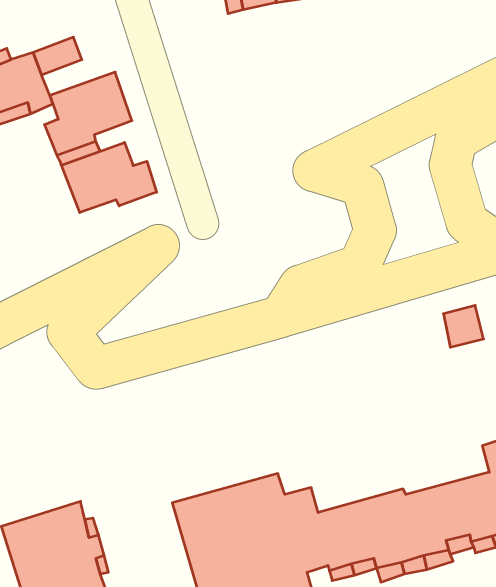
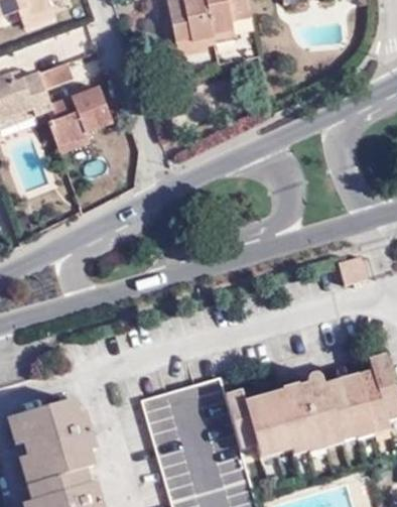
building: [62,142,157,213] -> none

